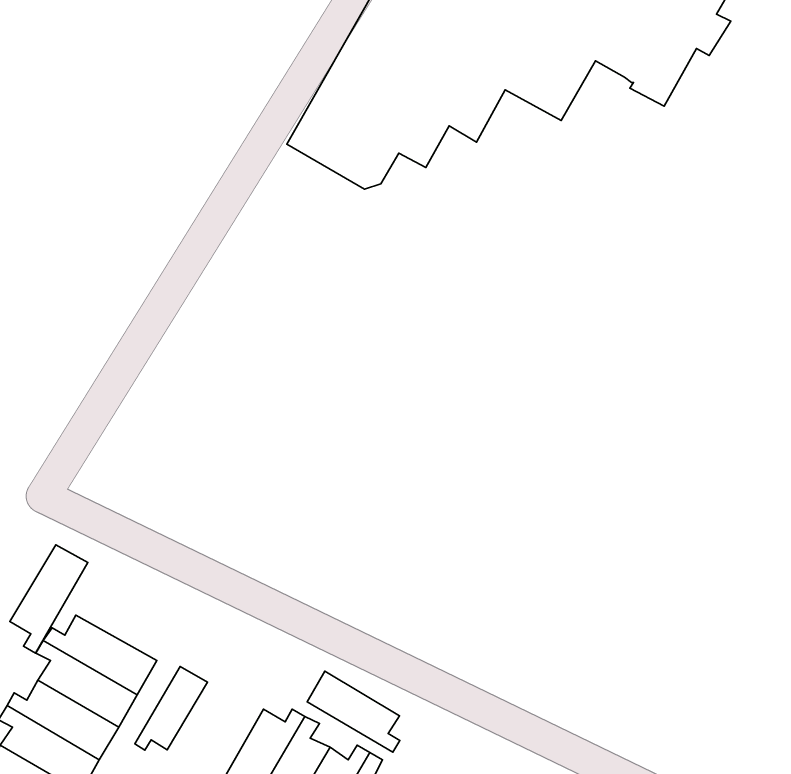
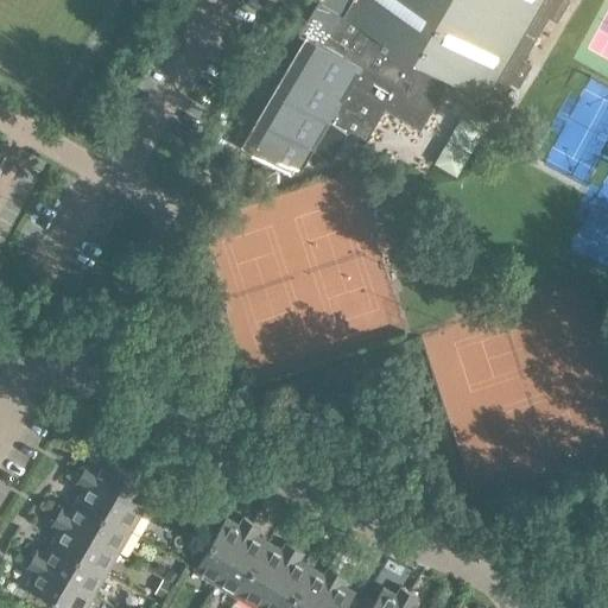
building: [10,545,88,653] -> none
building: [135,667,208,750] -> none
building: [307,671,400,752] -> none

